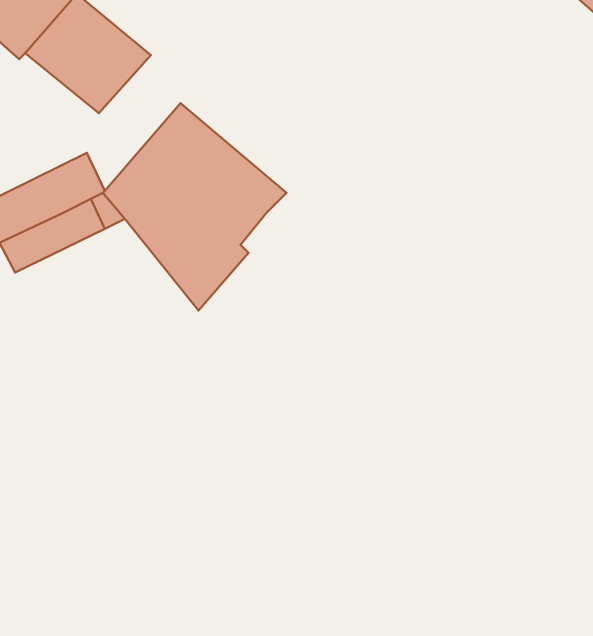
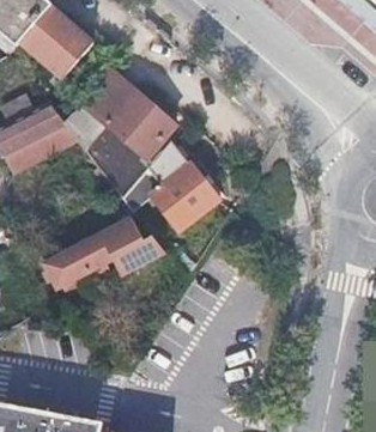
building: none -> [123,141,220,231]
building: none -> [47,218,165,287]

